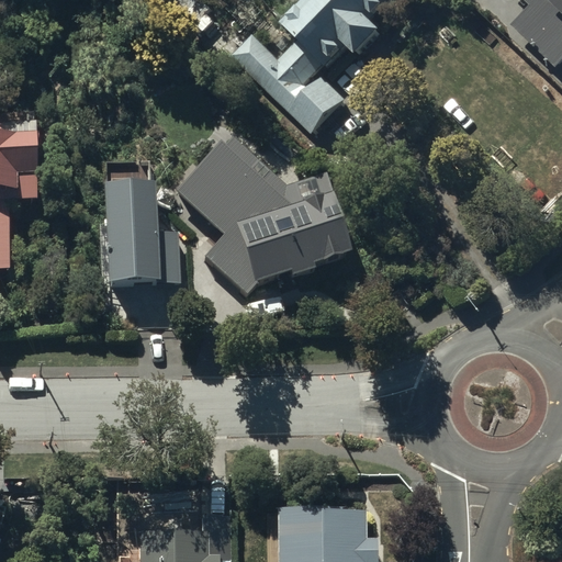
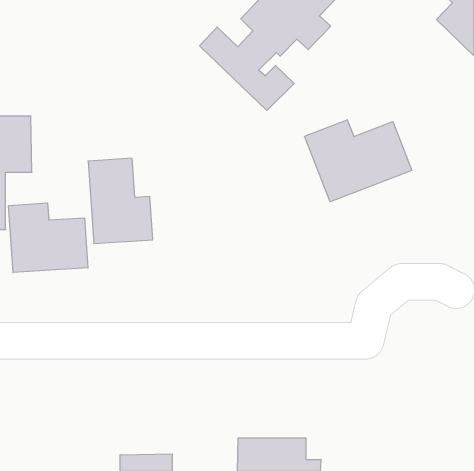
building: [177,134,348,293] -> none
building: none -> [305,120,412,202]
building: none -> [9,203,88,273]

